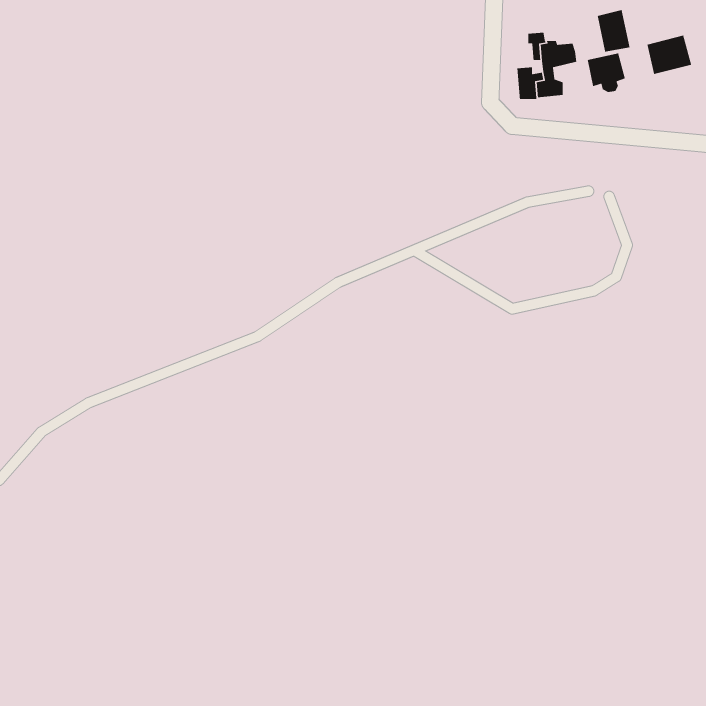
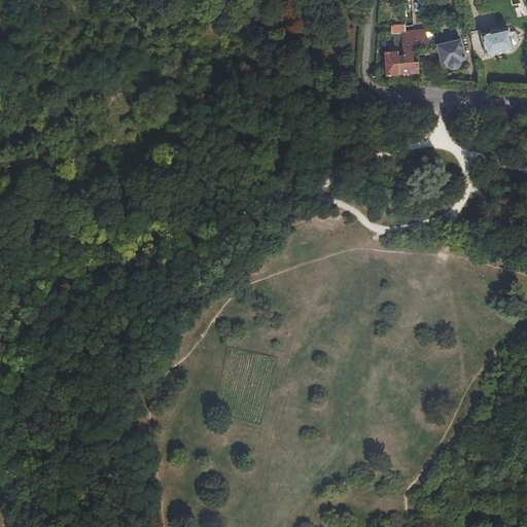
building: [597,9,630,53] -> none

